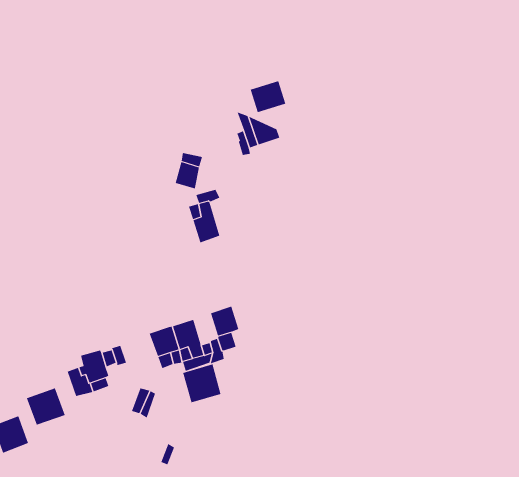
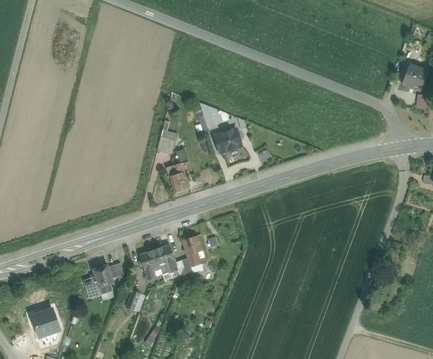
building: [250,81,286,113] -> [215,129,240,151]
building: [183,364,221,403] -> none
building: [26,388,66,426] -> none

